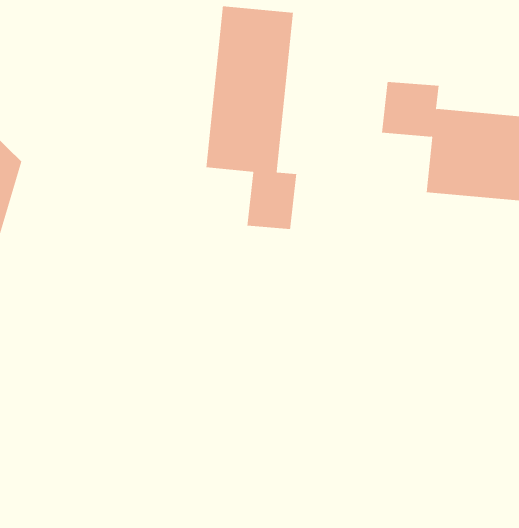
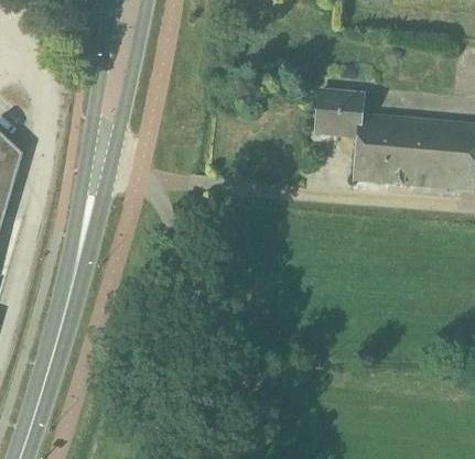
building: [206,5,297,230] -> none

